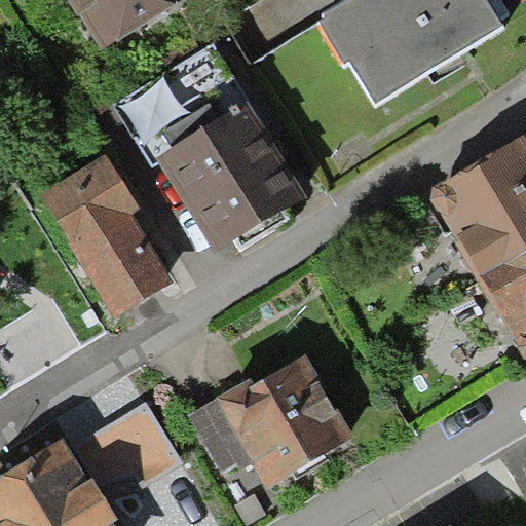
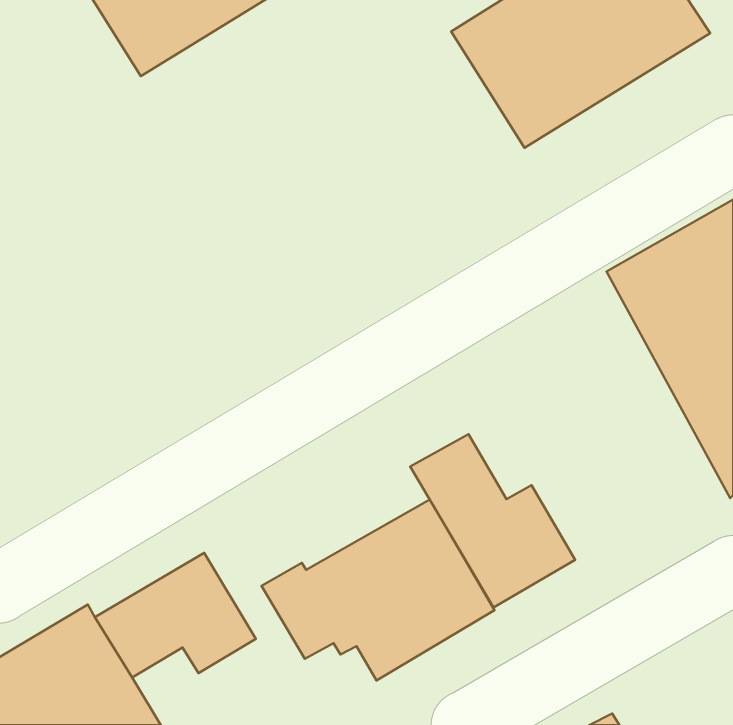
building: [113,46,307,254] -> none
building: [45,155,170,315] -> none
building: none -> [410,434,575,607]

